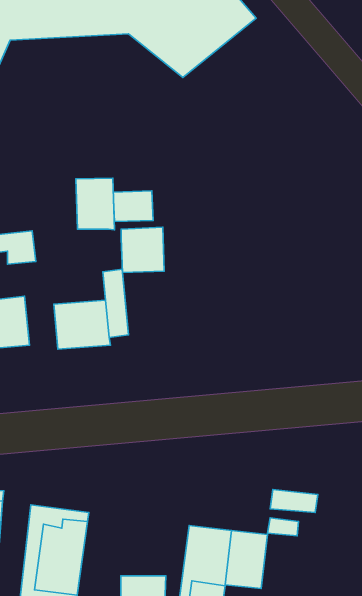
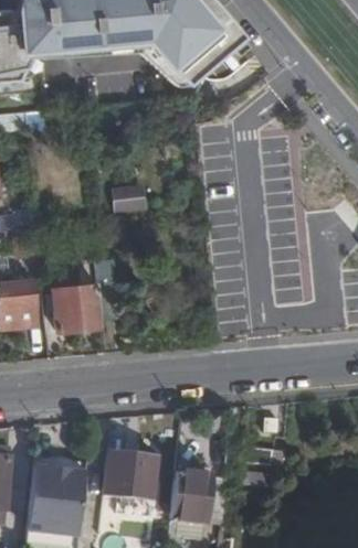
building: [76,178,114,230] -> none
building: [121,227,164,272] -> none
building: none -> [103,448,159,503]

